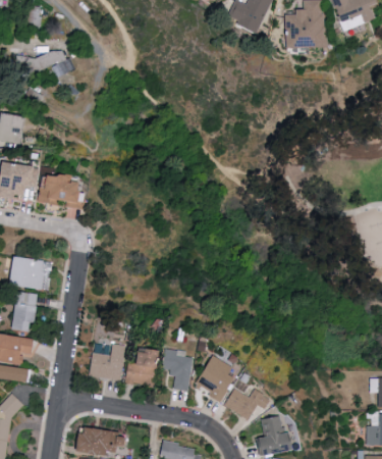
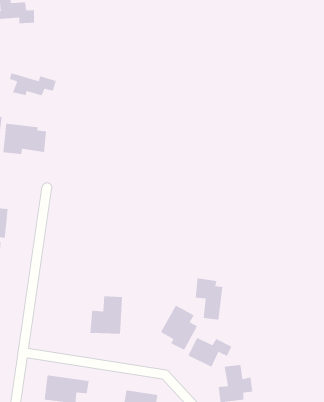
building: none -> [9,73,57,96]
building: [90,343,127,381] -> none
building: [164,348,193,391] -> [195,278,223,320]

